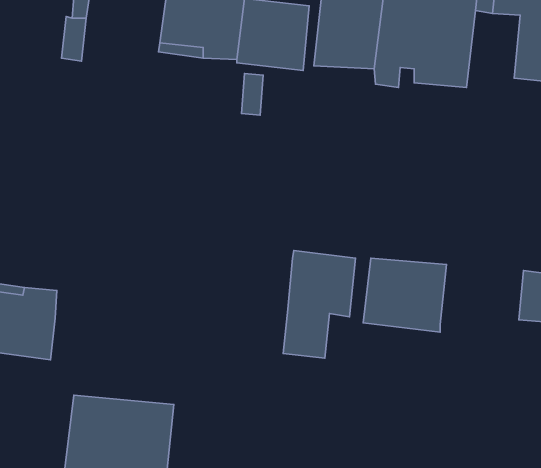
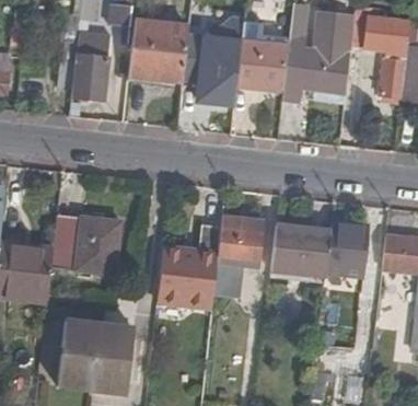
building: none -> [72,45,107,101]
building: none -> [53,212,123,272]
building: none -> [326,221,370,274]
building: none -> [159,222,221,305]

